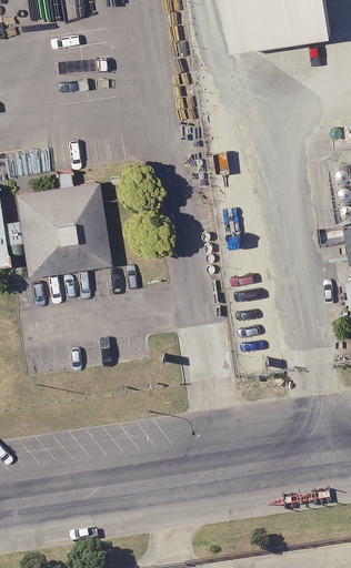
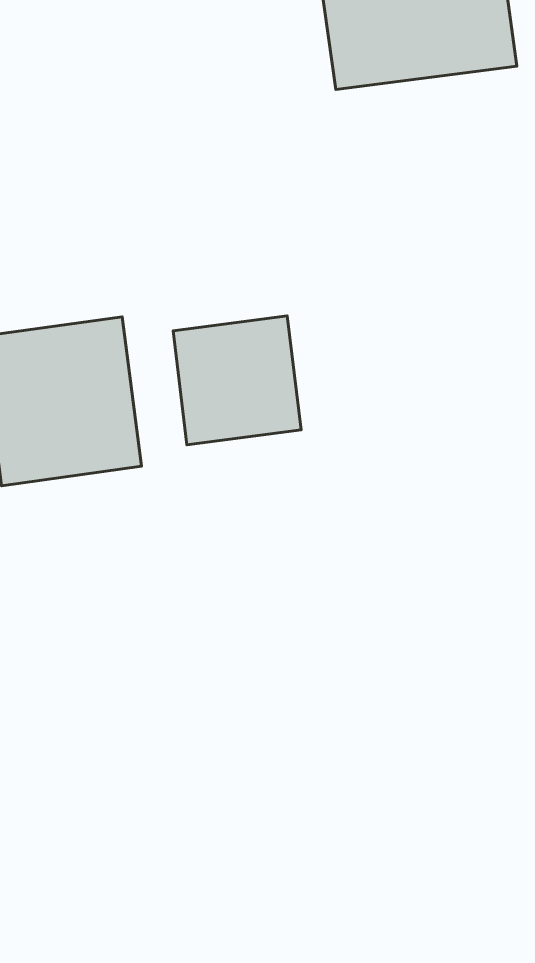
building: none -> [173,316,301,445]

